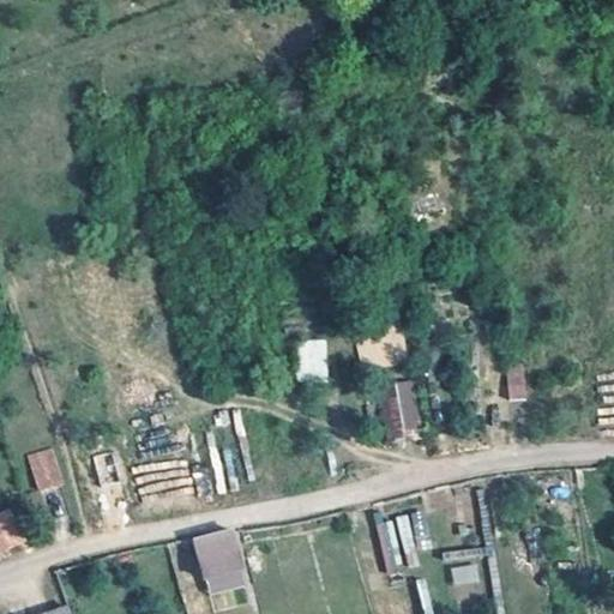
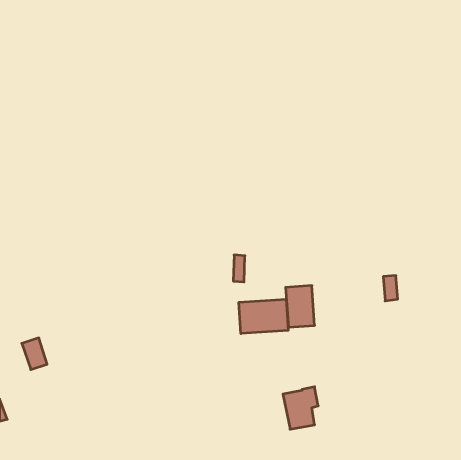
building: none -> [239,299,288,334]
building: [197,540,245,582] -> none

